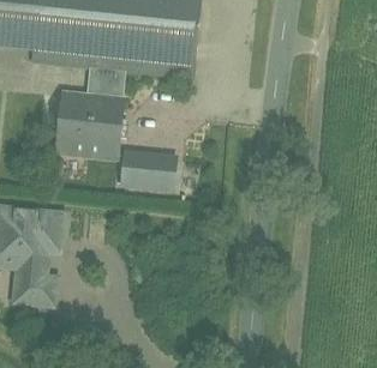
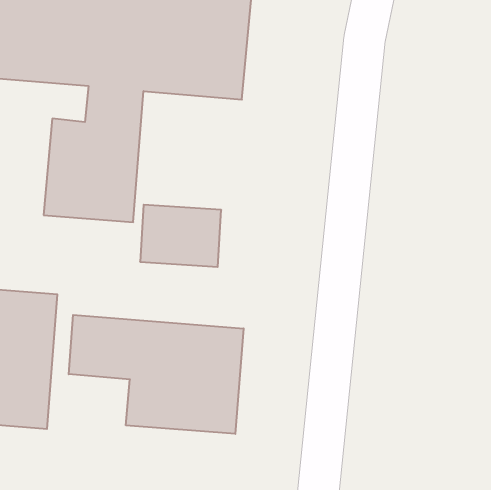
building: none -> [69,315,244,434]

